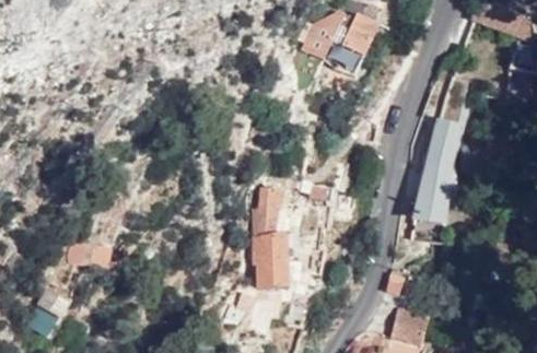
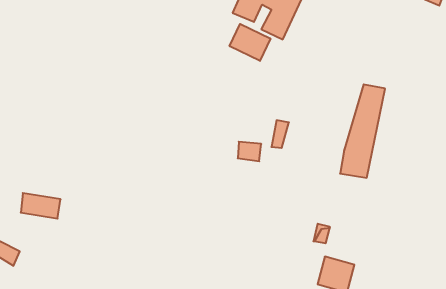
building: none -> [230,24,270,61]
building: [246,191,303,292] -> none

